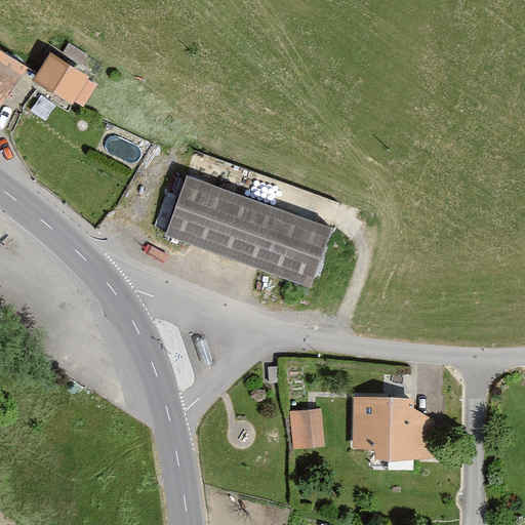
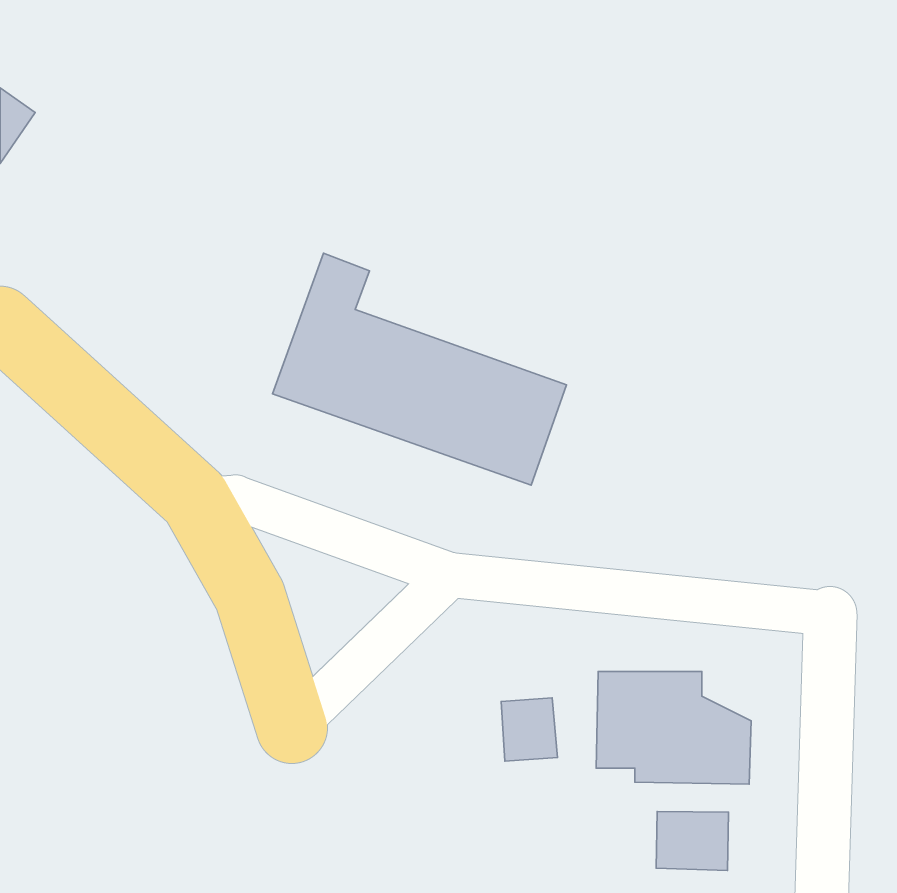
building: [29,53,86,105] -> none
building: none -> [656,811,728,871]

